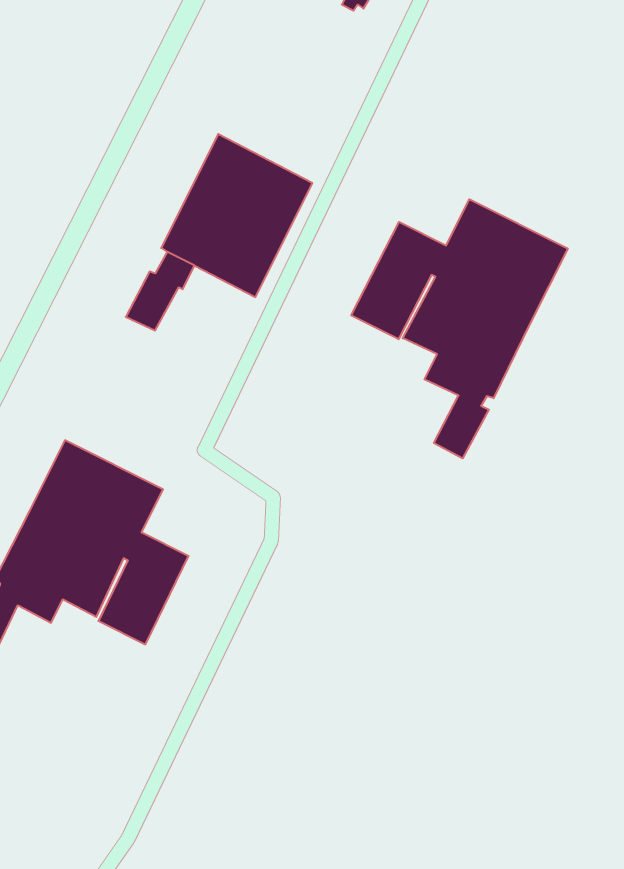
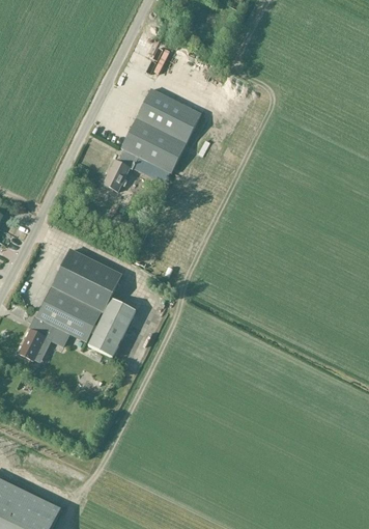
building: [351,199,568,458] -> none

